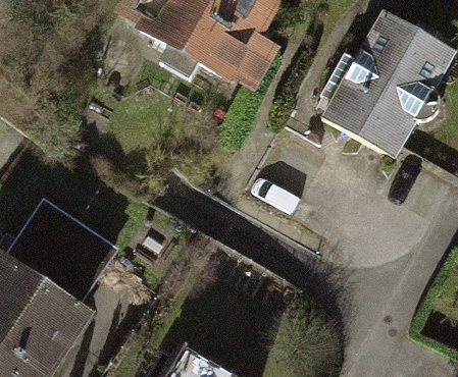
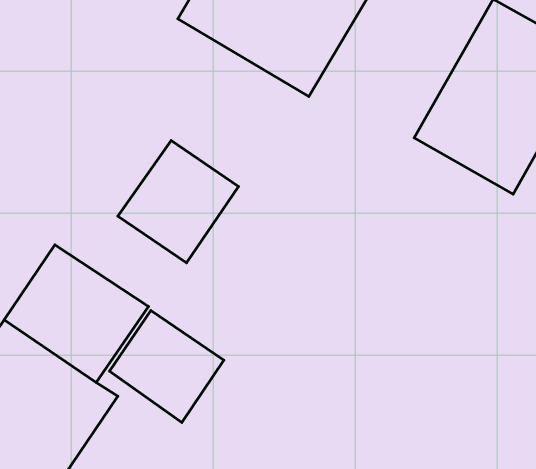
building: none -> [118,140,239,263]
building: none -> [109,311,224,422]

